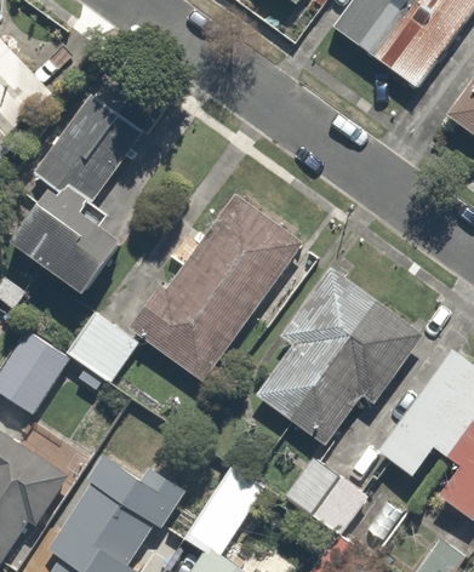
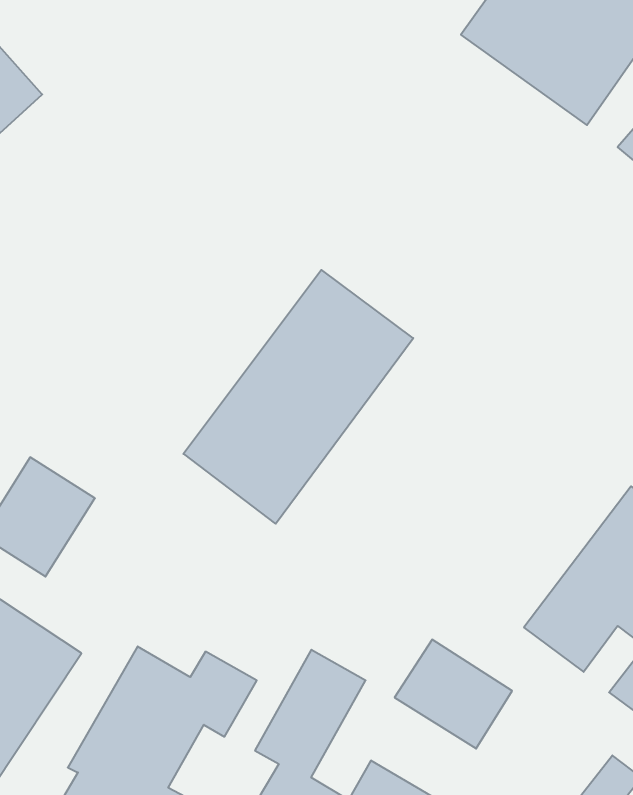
building: [12,95,141,290] -> none
building: [247,267,429,450] -> none
building: [67,311,142,385] -> none

